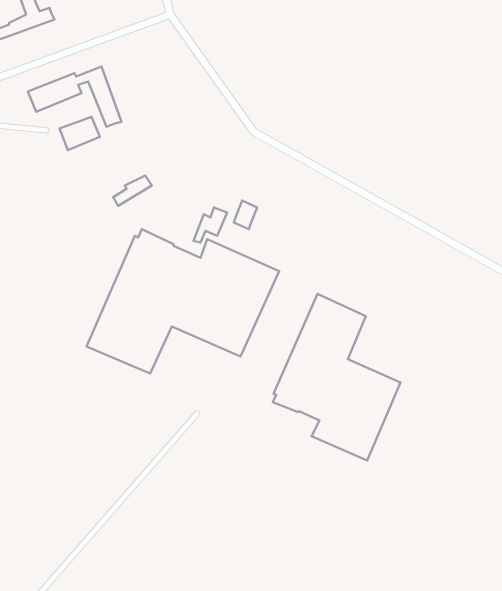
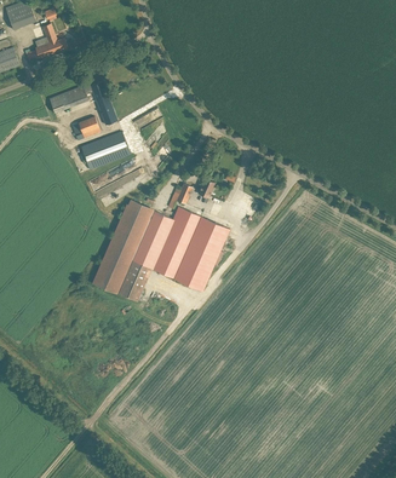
building: none -> [81,131,130,169]
building: [273,294,401,460] -> none

